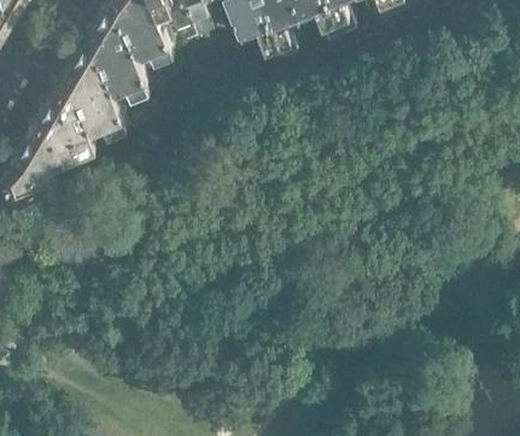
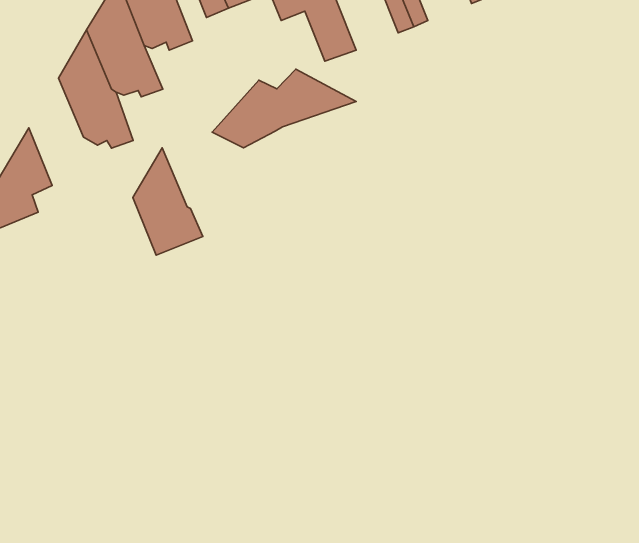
building: none -> [212,69,356,148]
building: [45,75,99,158] -> [133,148,203,255]

